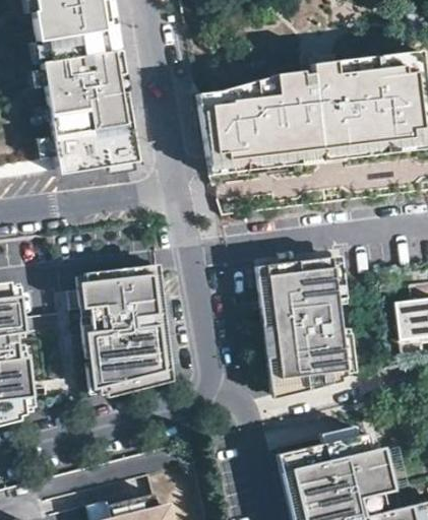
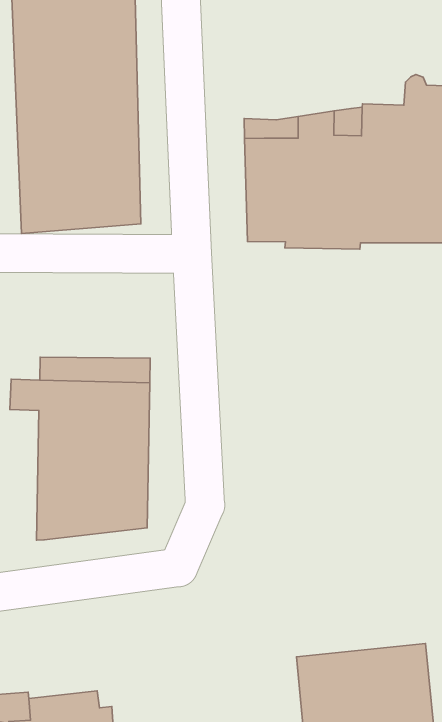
building: [254,253,343,390] -> none

